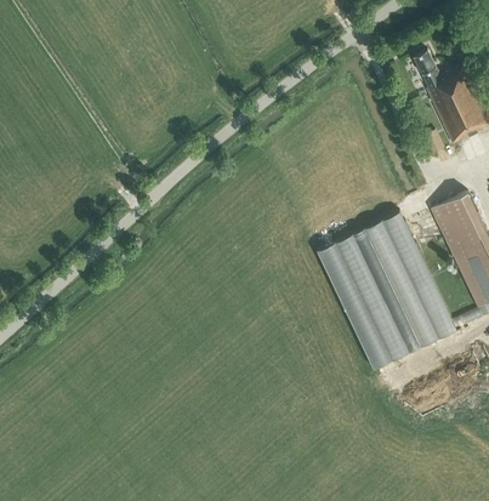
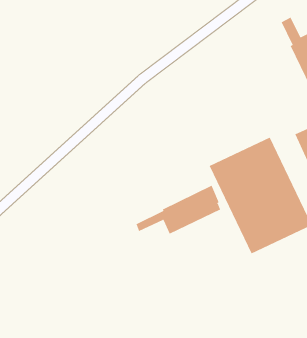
building: none -> [136,185,221,234]

